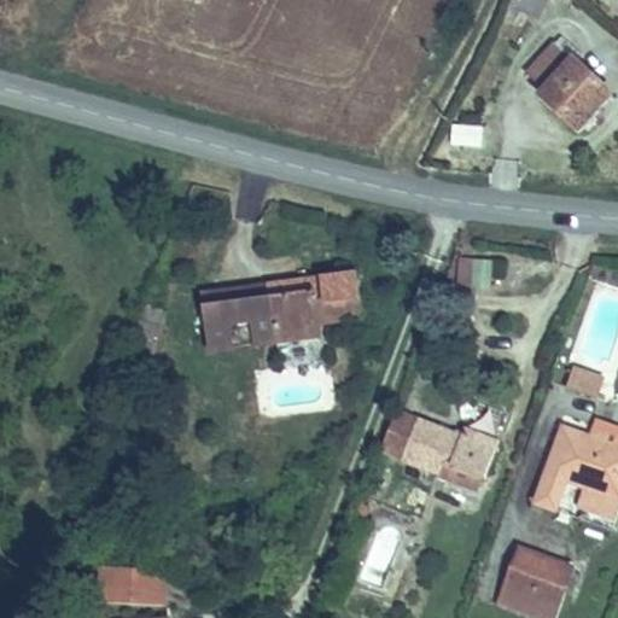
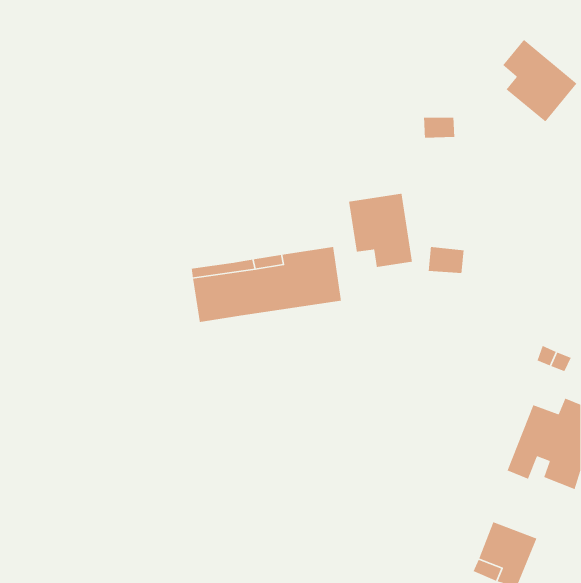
building: none -> [348,193,413,268]
building: [378,406,509,478] -> none
building: [97,571,162,605] -> none

